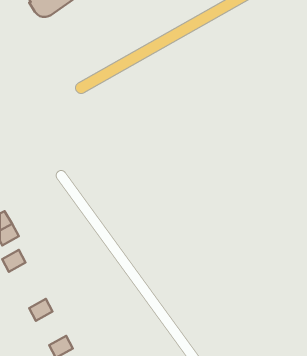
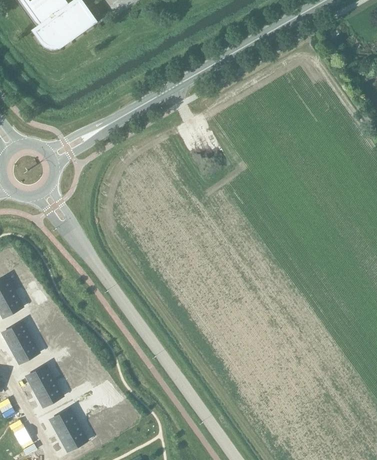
building: none -> [11,337,39,363]
building: none -> [27,365,55,391]
building: none -> [51,409,79,435]

